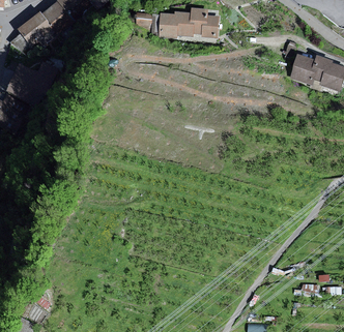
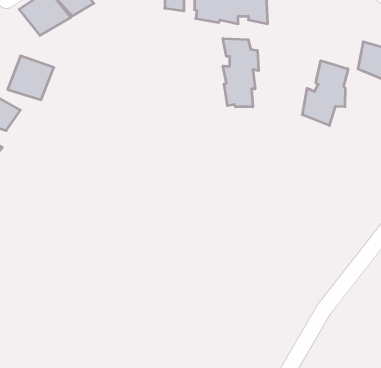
building: none -> [223,38,259,107]
building: none -> [302,61,348,126]

